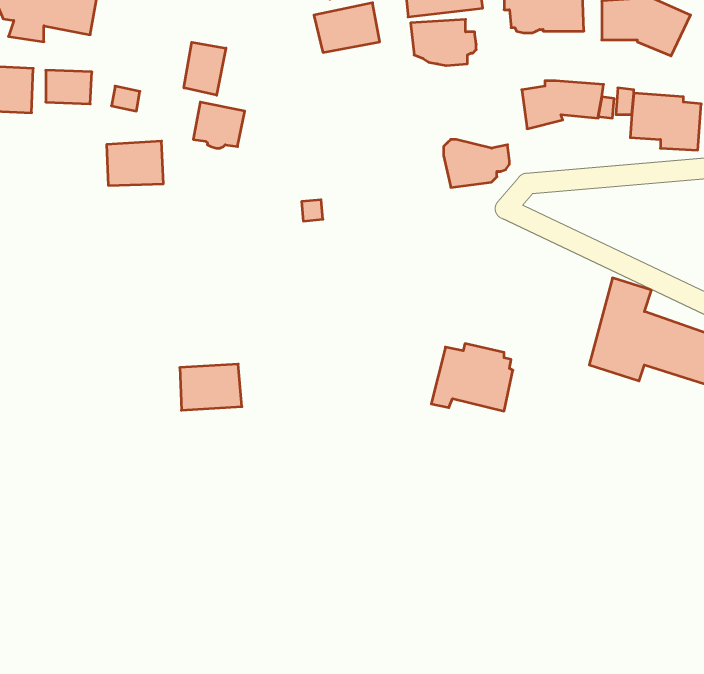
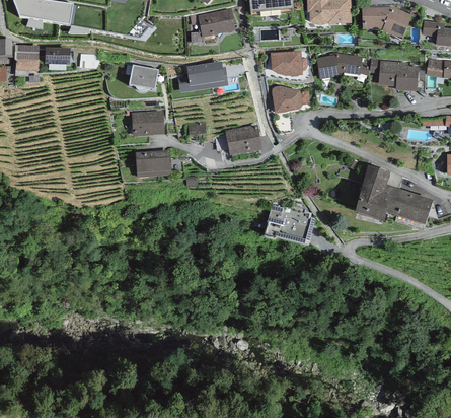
building: [411,19,476,66] -> [270,50,307,76]
building: [184,42,226,95] -> none
building: none -> [186,61,224,86]
building: [107,141,163,185] -> [132,110,164,135]
building: none -> [225,123,261,155]
building: [180,364,242,410] -> [136,149,171,176]

